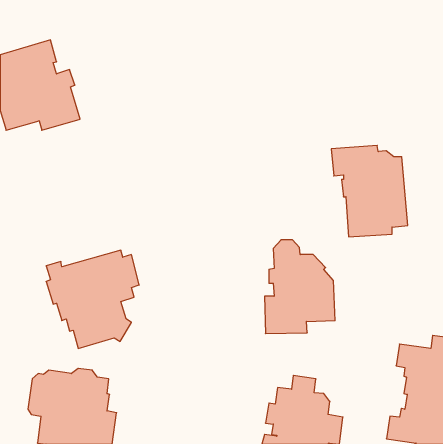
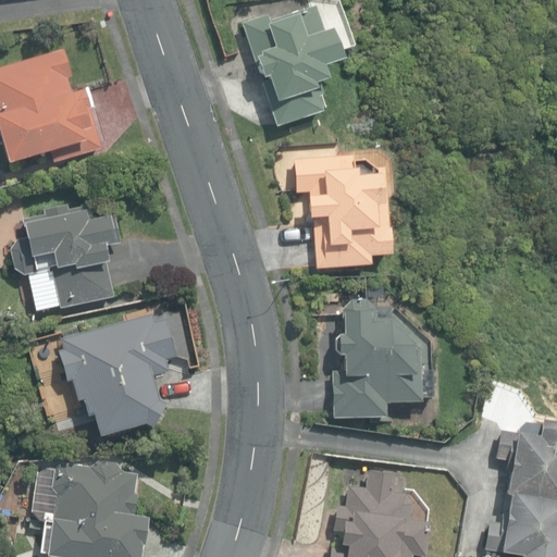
building: none -> [244,5,343,126]
building: [331,145,408,237] -> [295,154,391,269]
building: none -> [15,206,121,312]

